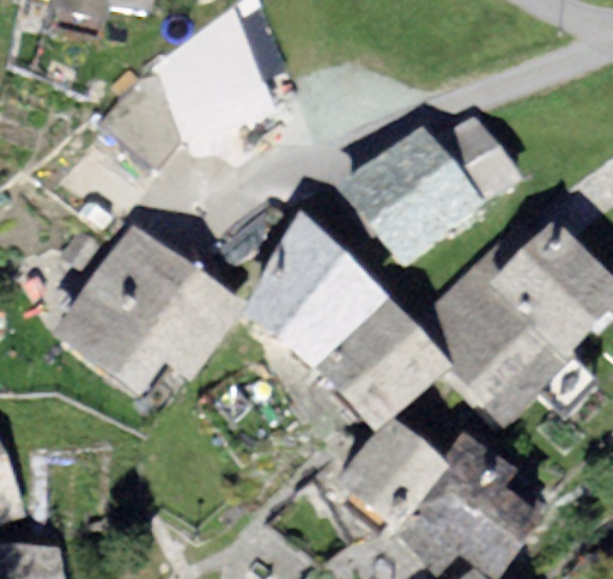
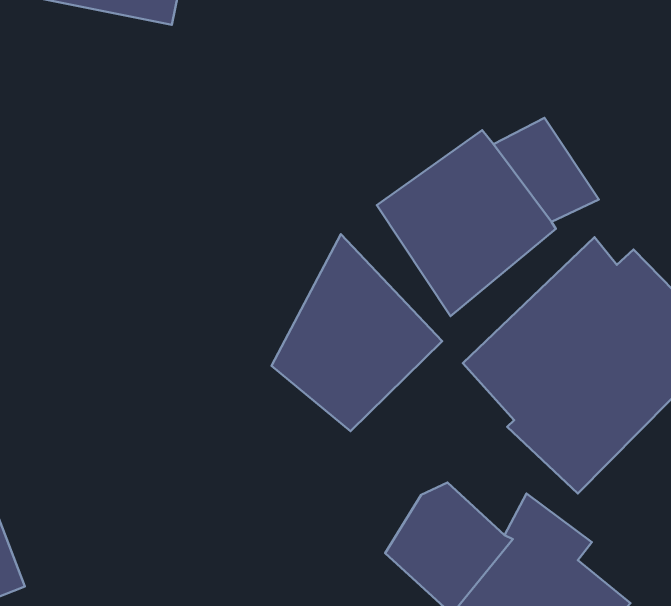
building: [97,37,261,163] -> none
building: [53,218,245,402] -> none
building: [310,298,451,431] -> none

